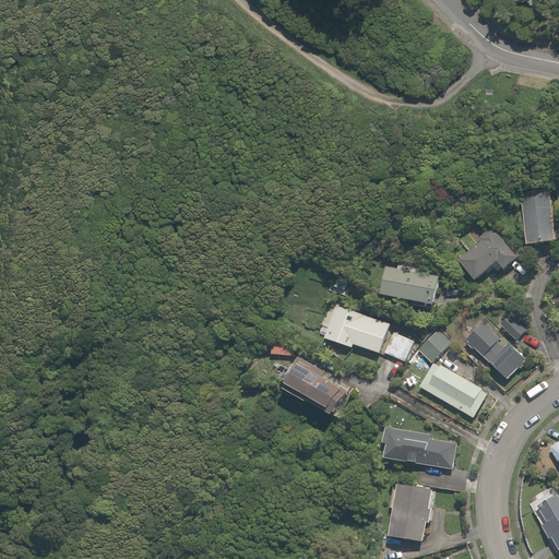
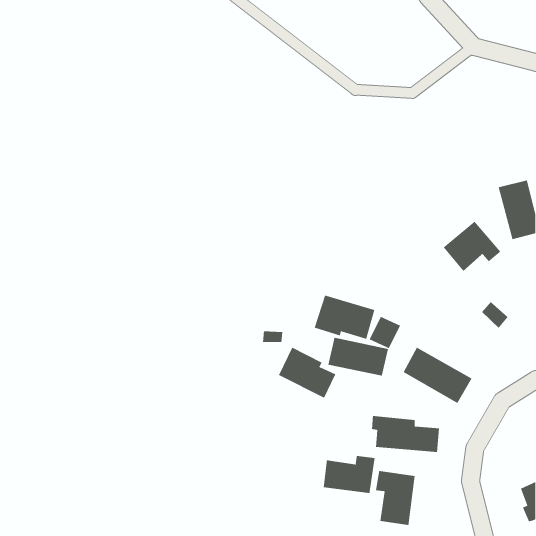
building: [377,265,440,306] -> [328,337,389,376]
building: [462,322,524,377] -> none
building: [416,325,449,358] -> none
building: none -> [323,455,375,494]

